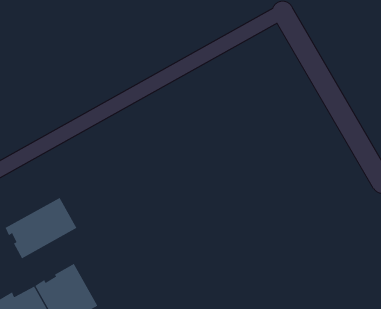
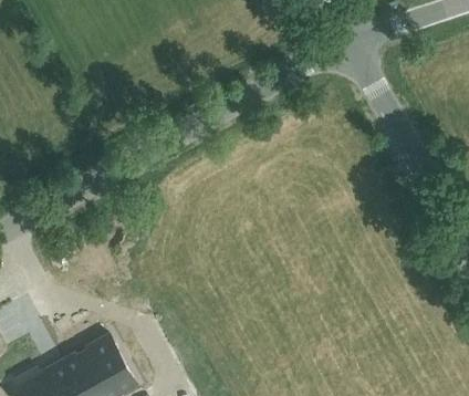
building: [5,197,77,259] -> none

